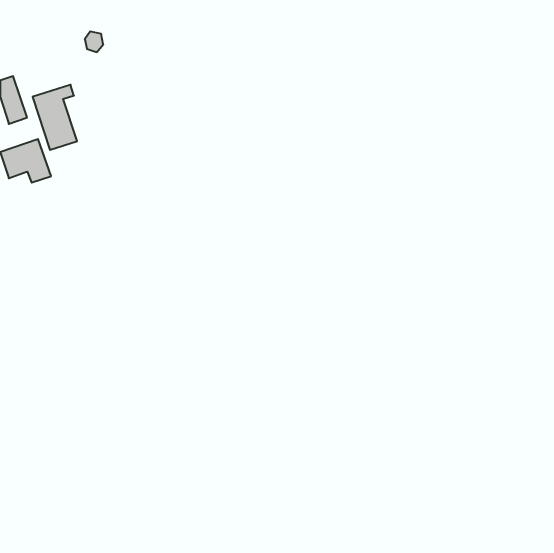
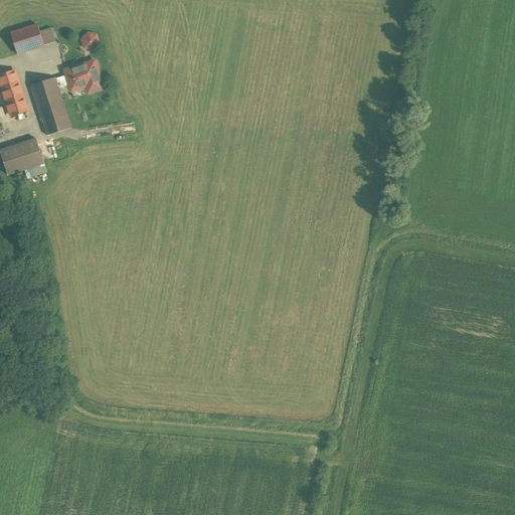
building: none -> [8,23,53,53]
building: none -> [64,63,105,96]

